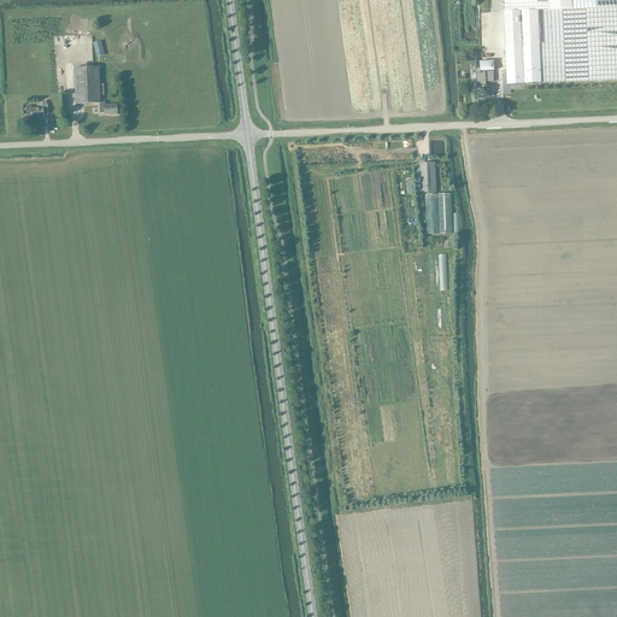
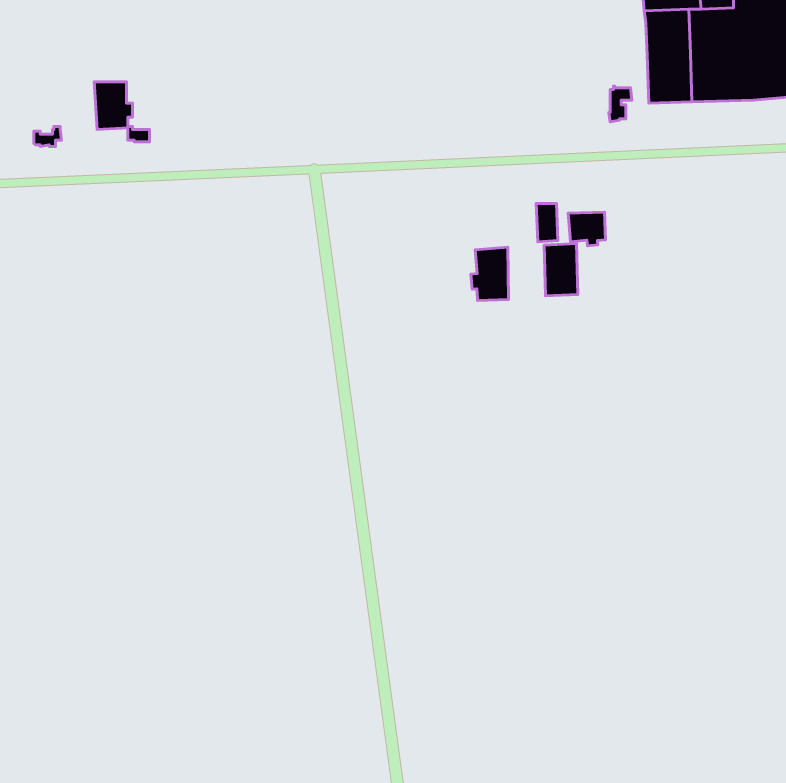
building: none -> [568,212,606,246]
building: none -> [471,247,509,301]

